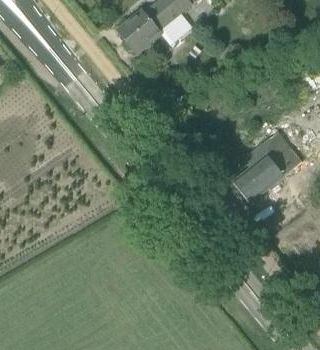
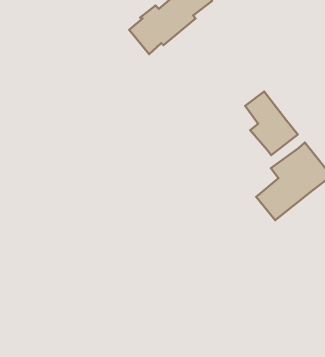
building: none -> [245,91,298,155]

